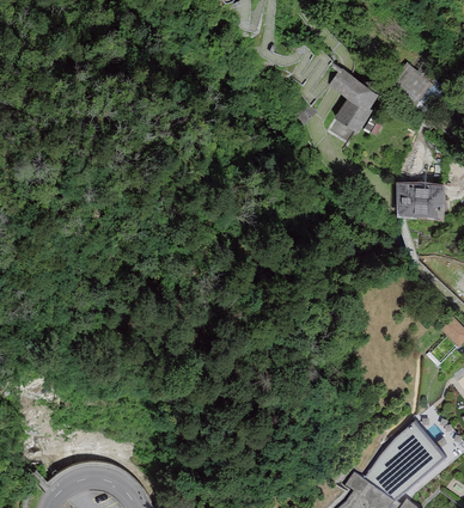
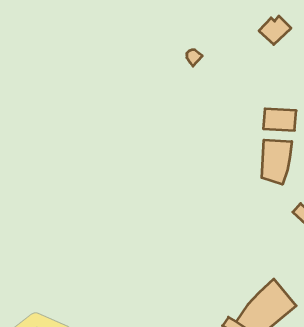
building: [328,72,377,136] -> none
building: none -> [262,140,292,184]

